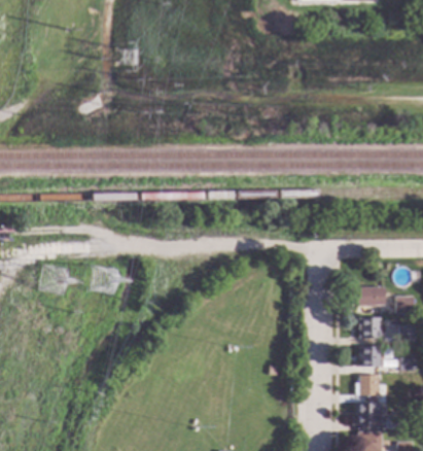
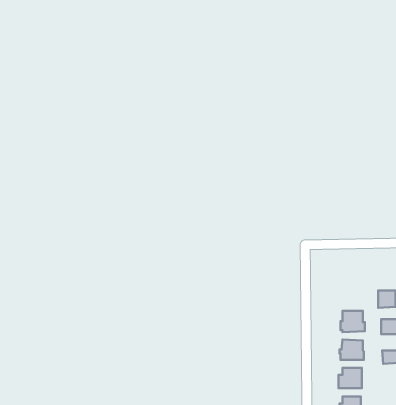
building: [352,286,385,307] -> none

